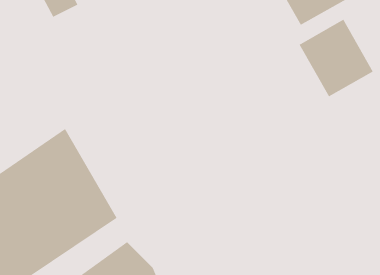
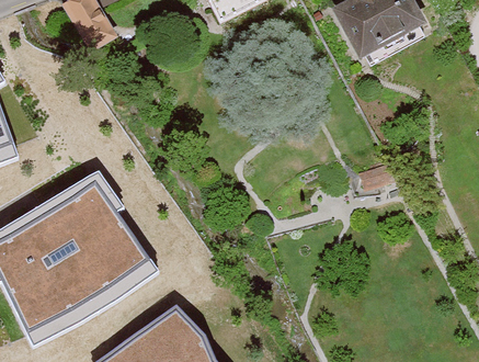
building: [299,19,374,97] -> none

